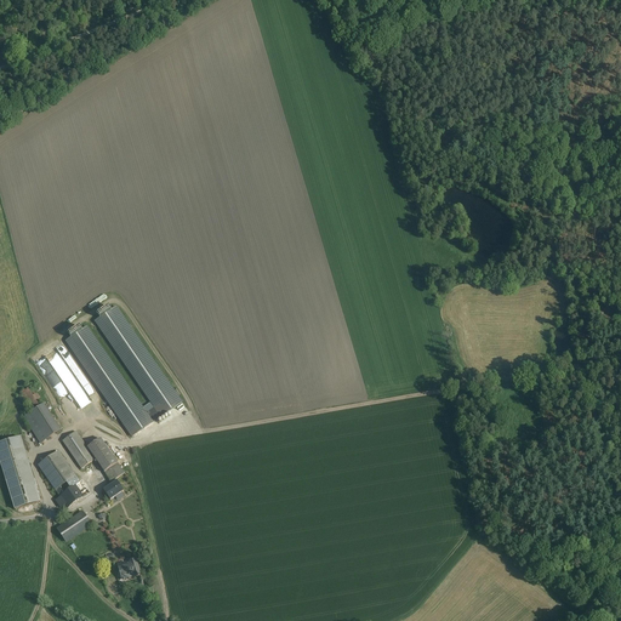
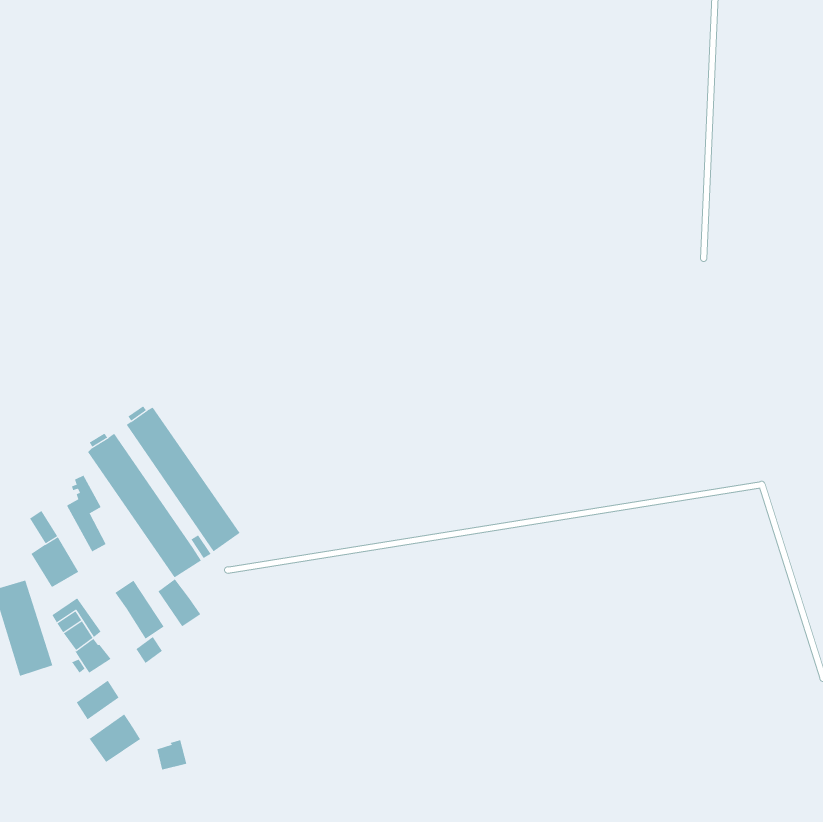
building: [62,431,95,467] -> [158,579,201,627]
building: none -> [89,714,141,763]

